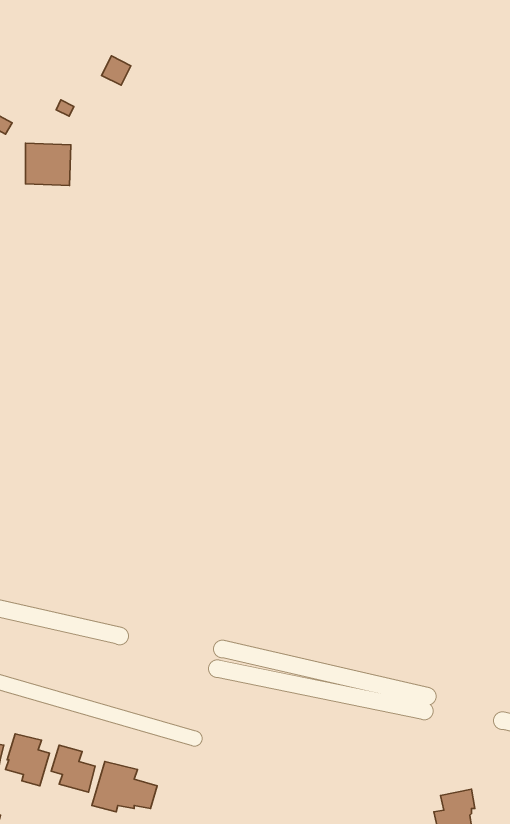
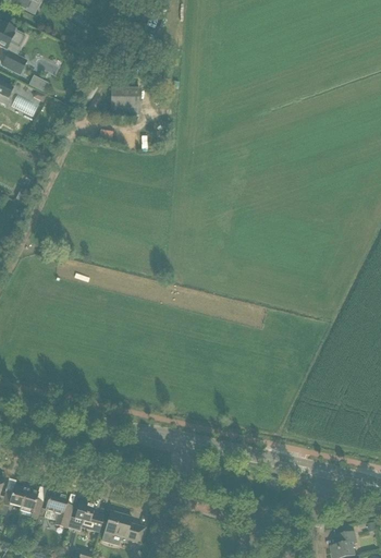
building: [25,143,71,185] -> [108,86,138,114]

